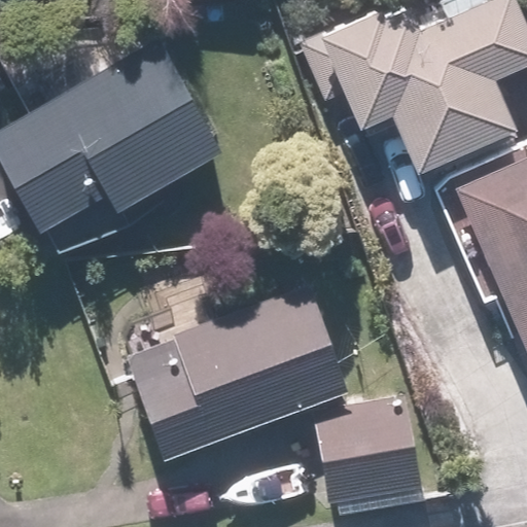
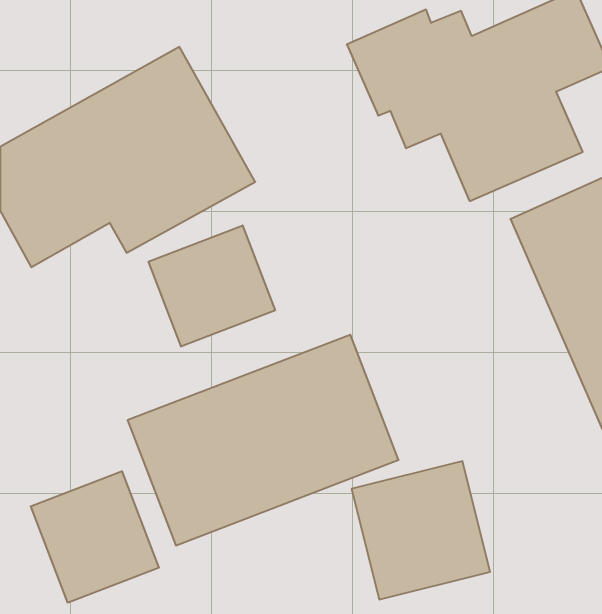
building: none -> [149,225,275,347]
building: none -> [31,471,159,603]

